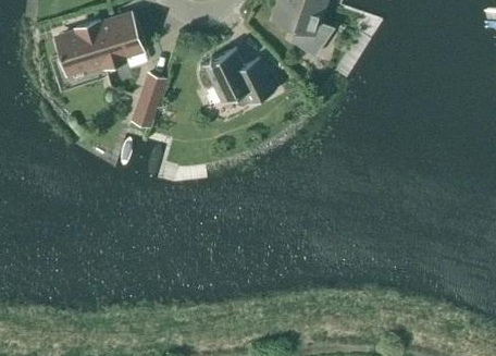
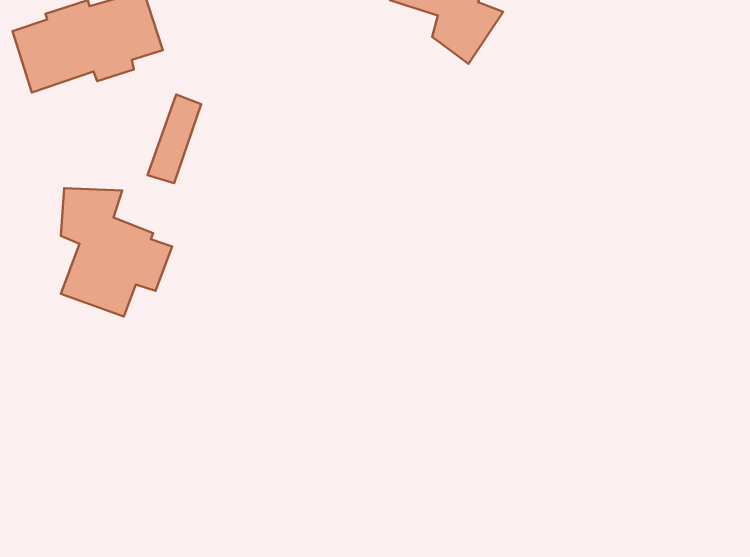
building: [202,48,275,106] -> none
building: none -> [61,188,172,316]

